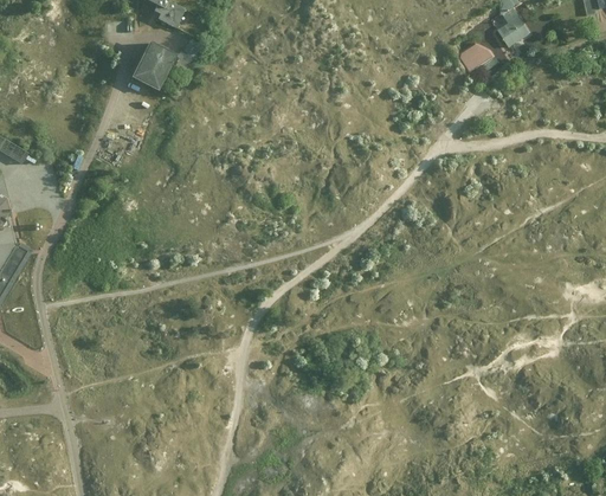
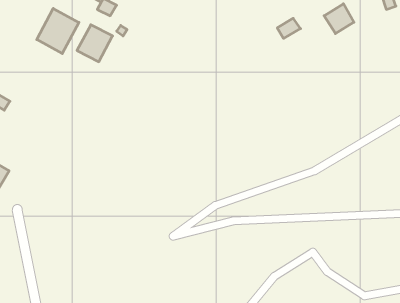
building: none -> [37,8,79,54]
building: [458,46,492,76] -> [277,18,301,38]

